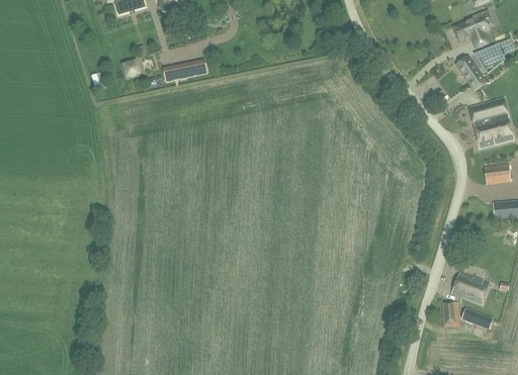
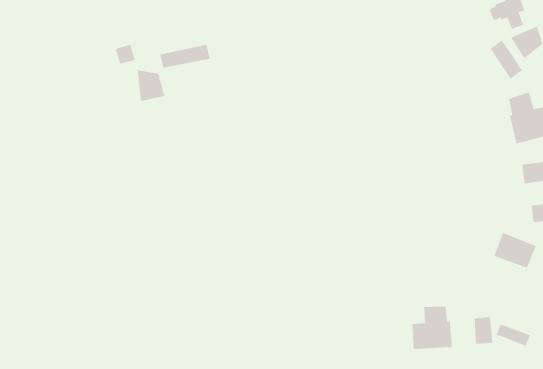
building: none -> [137,70,165,102]
building: [451,271,490,303] -> [493,232,537,269]
building: none -> [412,306,452,350]

